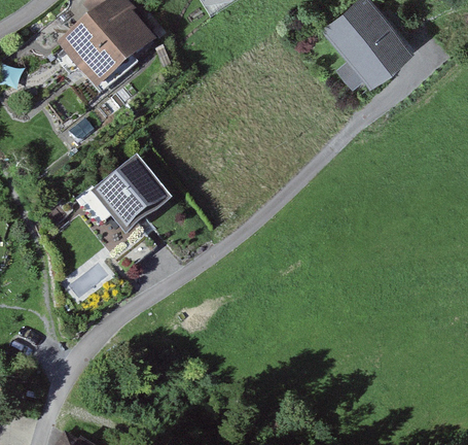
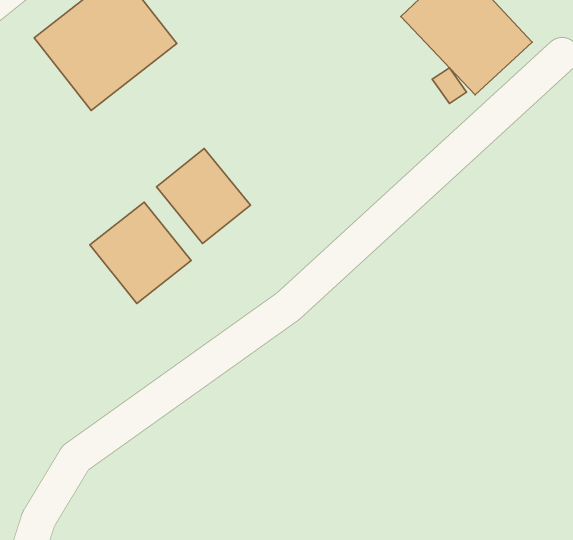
building: none -> [156,148,250,244]

